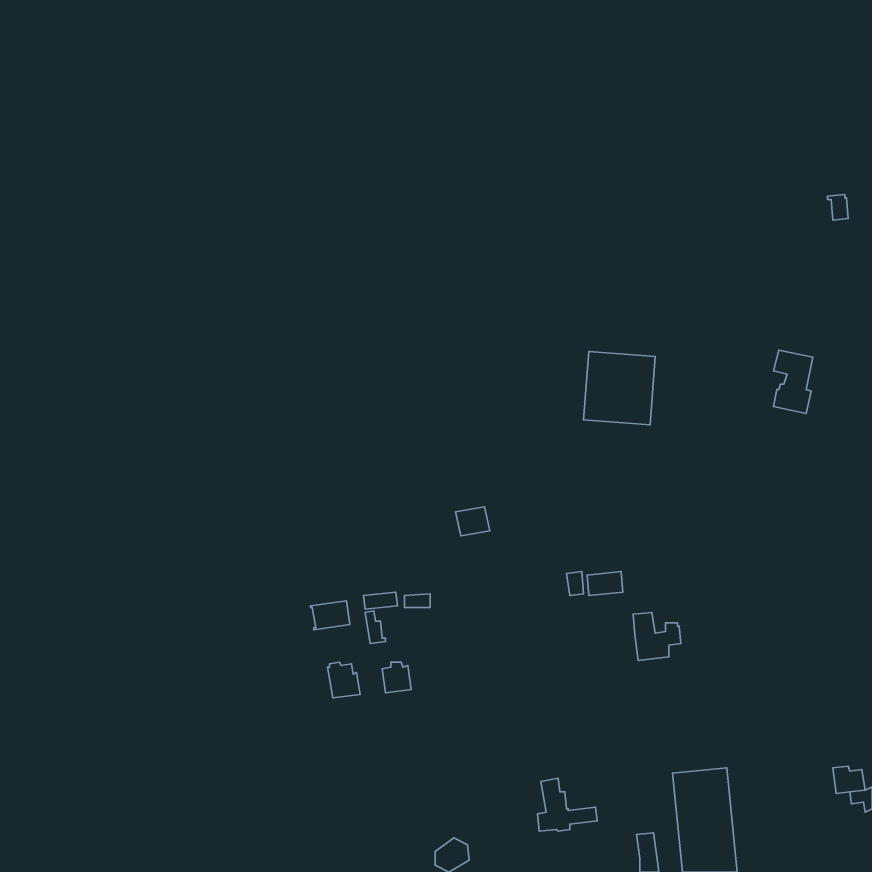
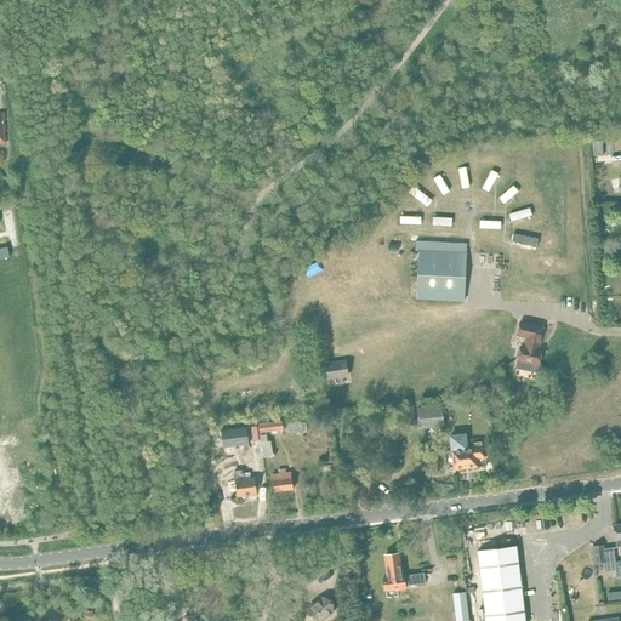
building: [774,350,813,413] -> [515,321,543,366]

